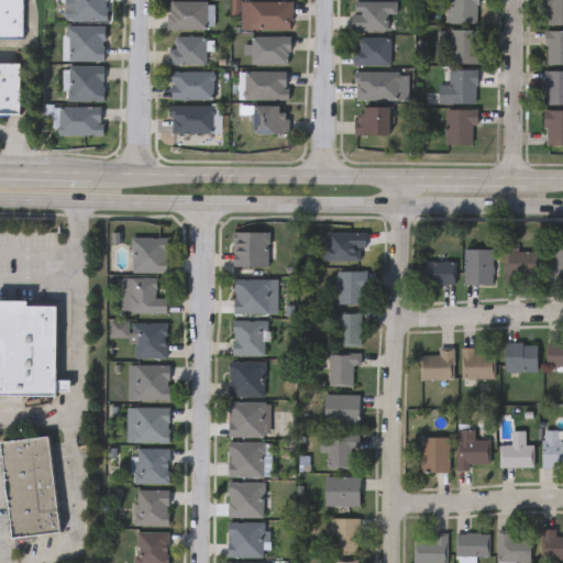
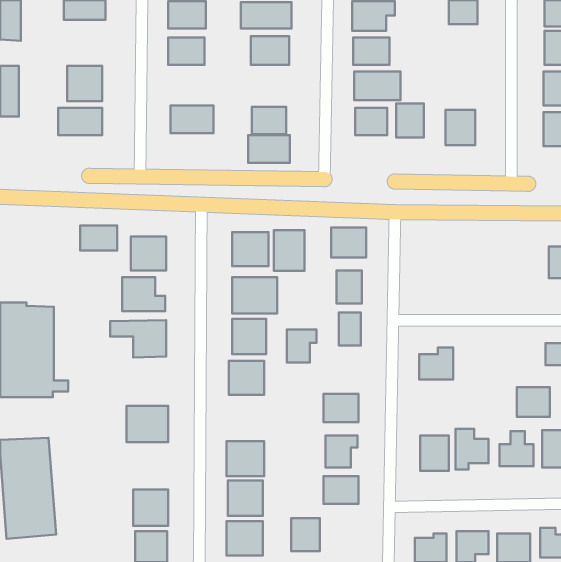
building: [67,26,103,60] -> none
building: [451,31,477,65] -> none
building: [449,70,476,104] -> [396,104,424,138]
building: [172,71,214,99] -> none
building: [245,71,287,99] -> [248,135,290,163]
building: none -> [80,226,117,251]
building: none -> [274,230,304,271]
building: [465,249,493,283] -> none
building: [507,250,538,278] -> none
building: [422,261,455,284] -> none
building: [505,341,538,371] -> [517,387,550,417]
building: [462,347,495,378] -> none
building: [330,353,360,386] -> [287,330,316,363]
building: [128,364,169,399] -> none
building: [230,401,269,435] -> none
building: [135,448,169,483] -> none
building: [331,517,360,550] -> [291,518,320,551]

